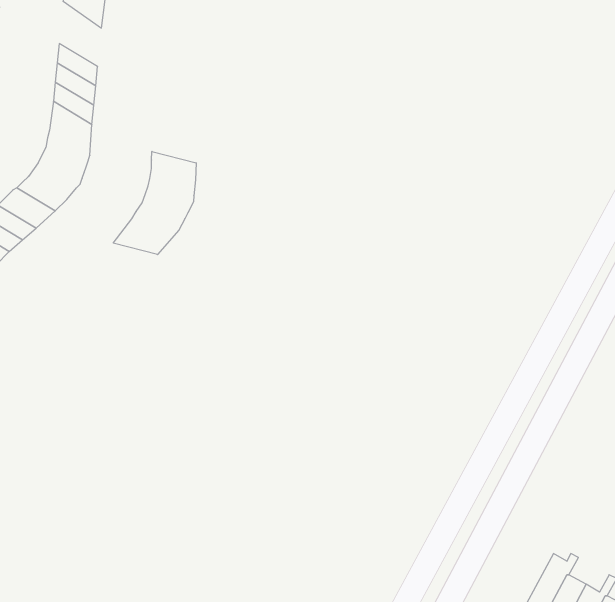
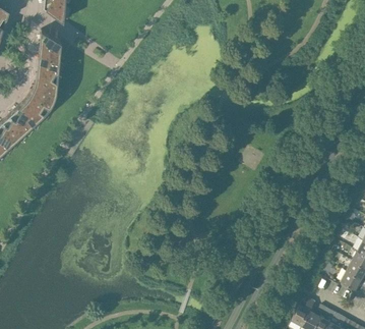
building: [113,151,196,255] -> none

